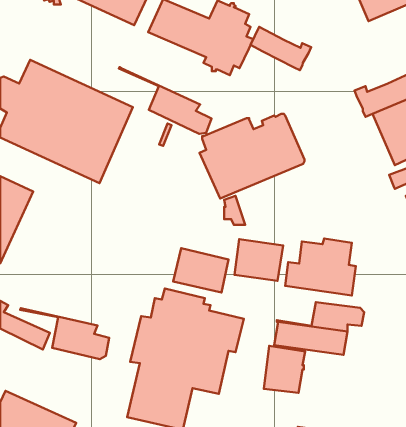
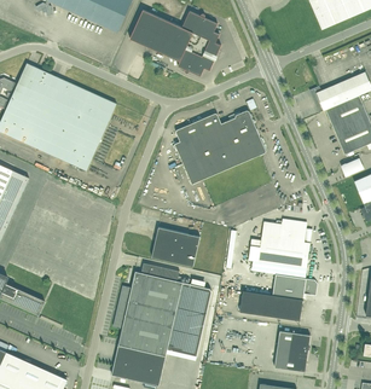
building: [251,27,311,70] -> none
building: [119,67,211,134] -> none
building: [235,239,283,281] -> none
building: [20,308,109,359] -> none
building: [264,346,305,393] -> [274,330,311,371]

